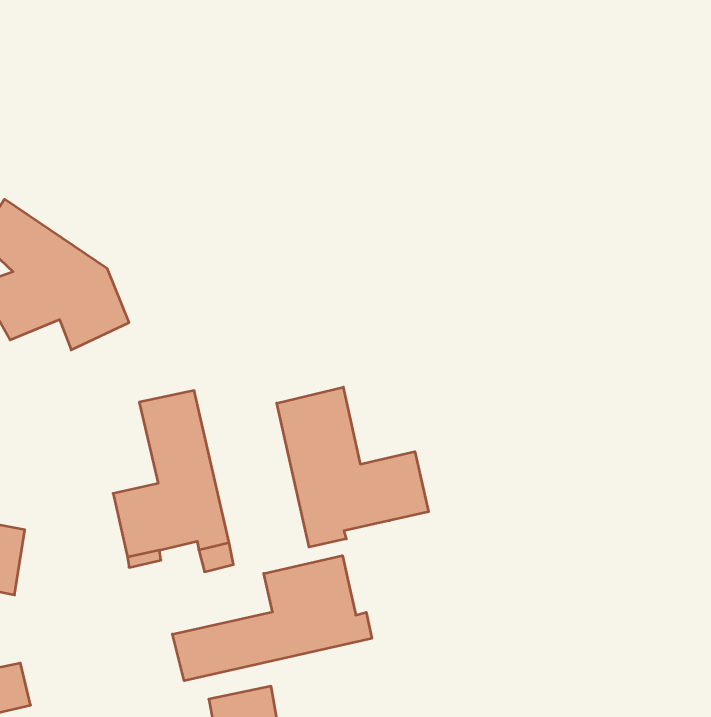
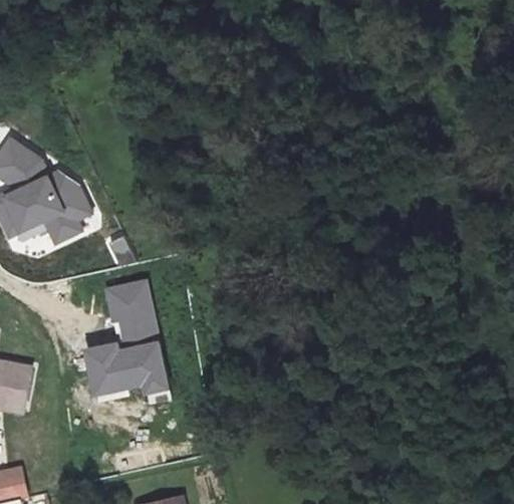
building: [277,387,429,547] -> none
building: [172,556,372,681] -> none

